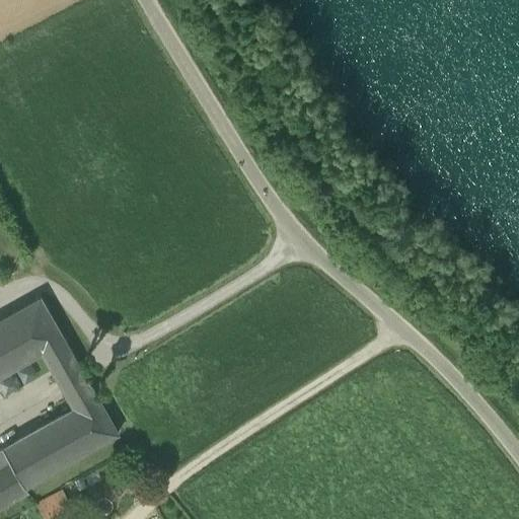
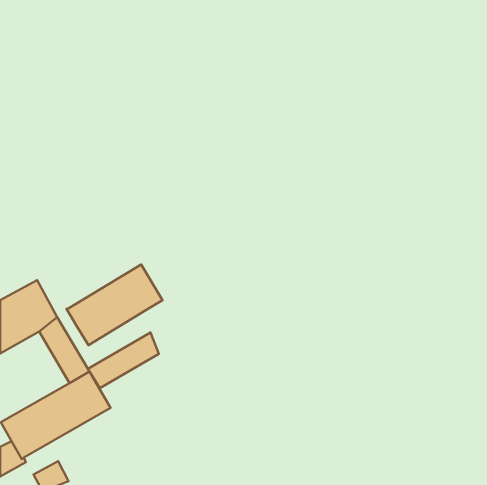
building: none -> [67,264,163,345]
building: none -> [88,333,159,388]

